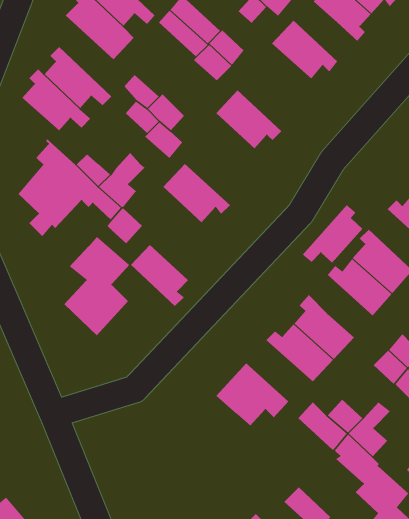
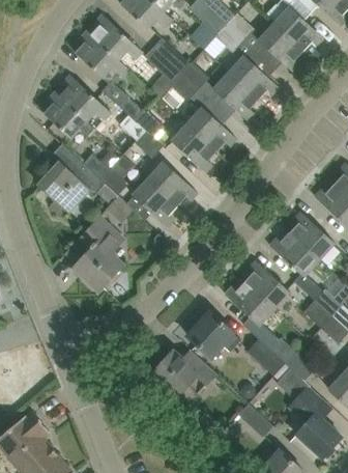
building: none -> [213,73,258,120]
building: none -> [172,124,215,172]
building: [302,204,363,264] -> none
building: [130,244,189,307] -> [133,179,176,226]
building: none -> [151,350,216,396]

